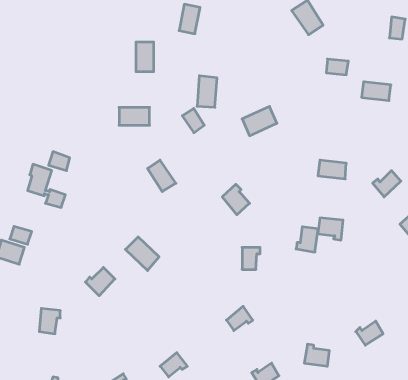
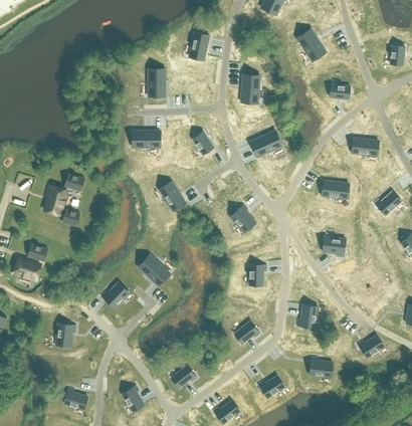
building: [197,76,217,107] -> [240,72,259,102]
building: [362,82,391,101] -> [351,137,379,155]
building: [296,227,318,252] -> [296,303,318,328]

